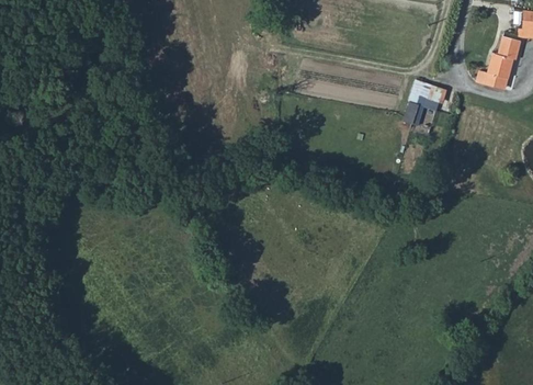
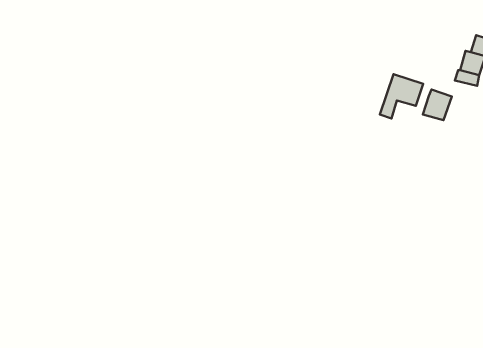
building: none -> [423,90,452,120]

